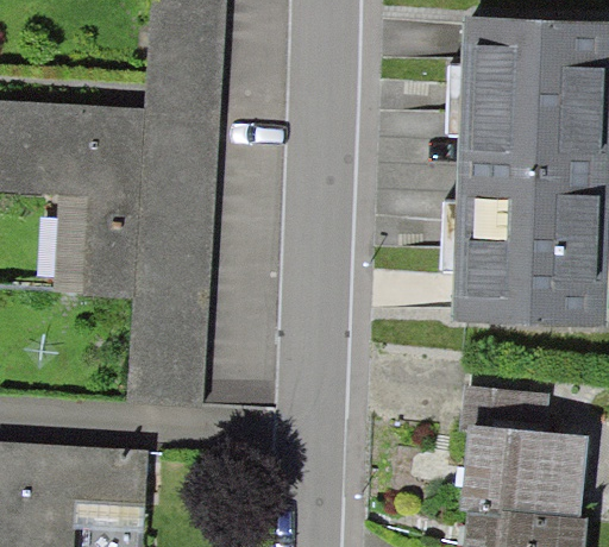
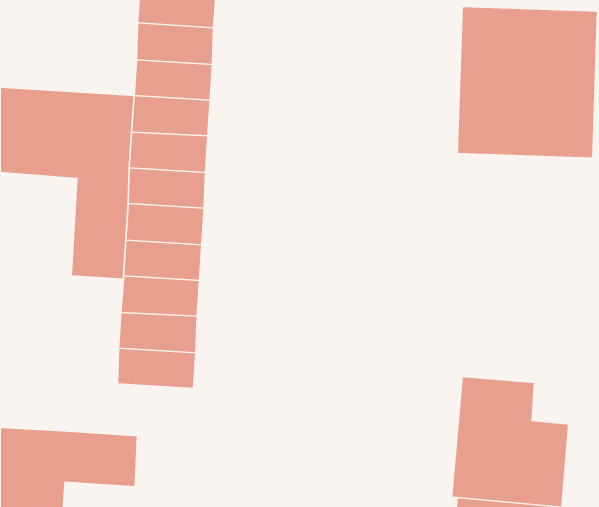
building: [460,171,601,323] -> none

